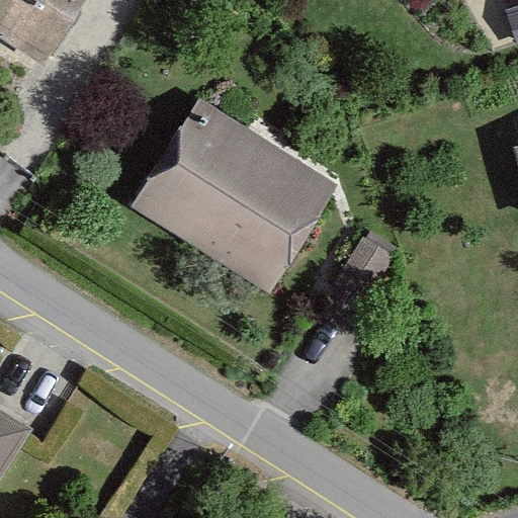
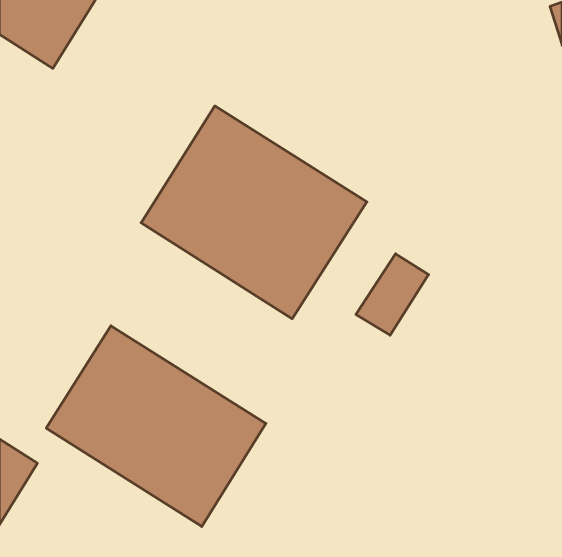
building: none -> [46,326,266,527]

